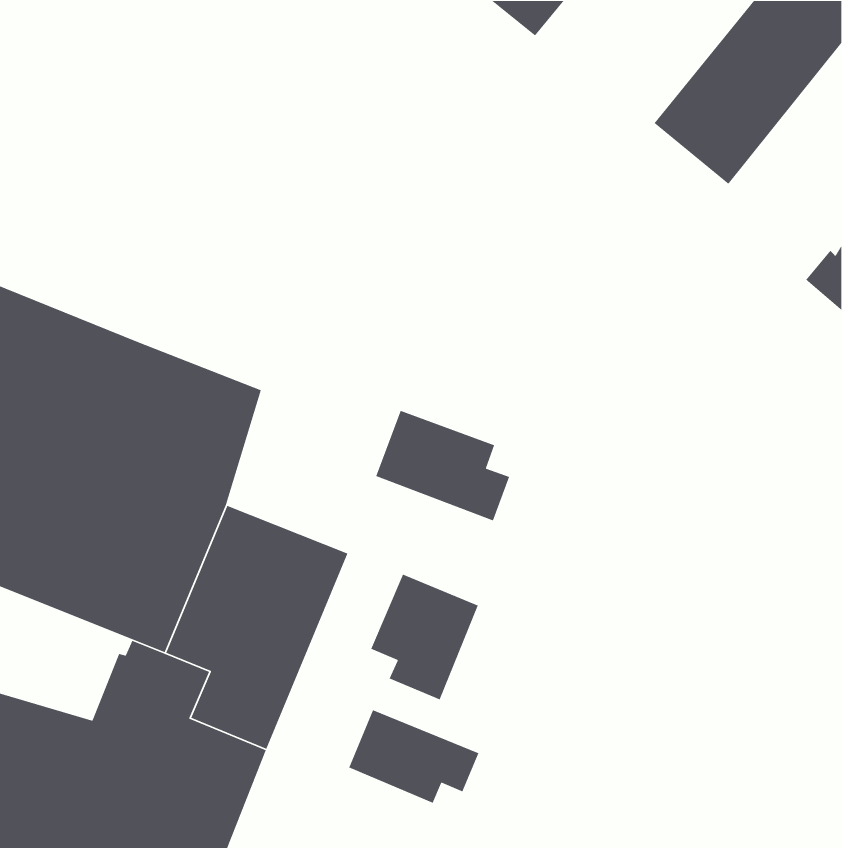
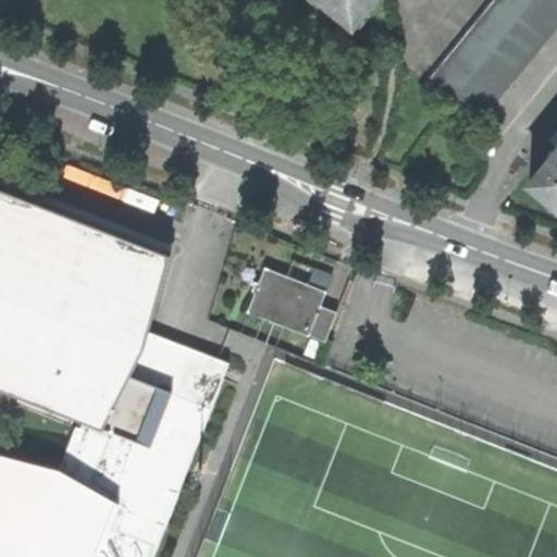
building: [370,573,479,700] -> none
building: [348,709,479,804] -> none

